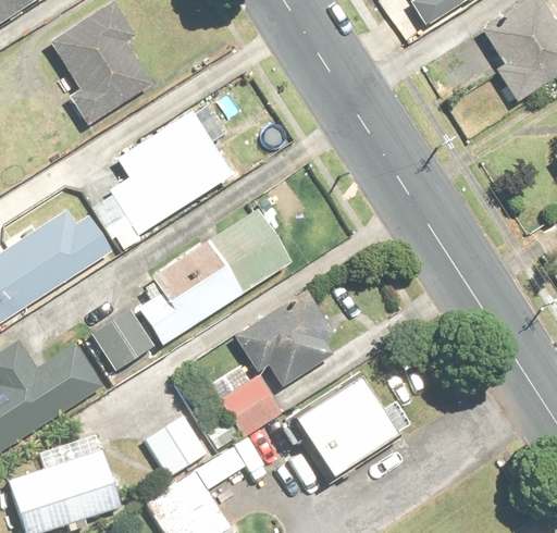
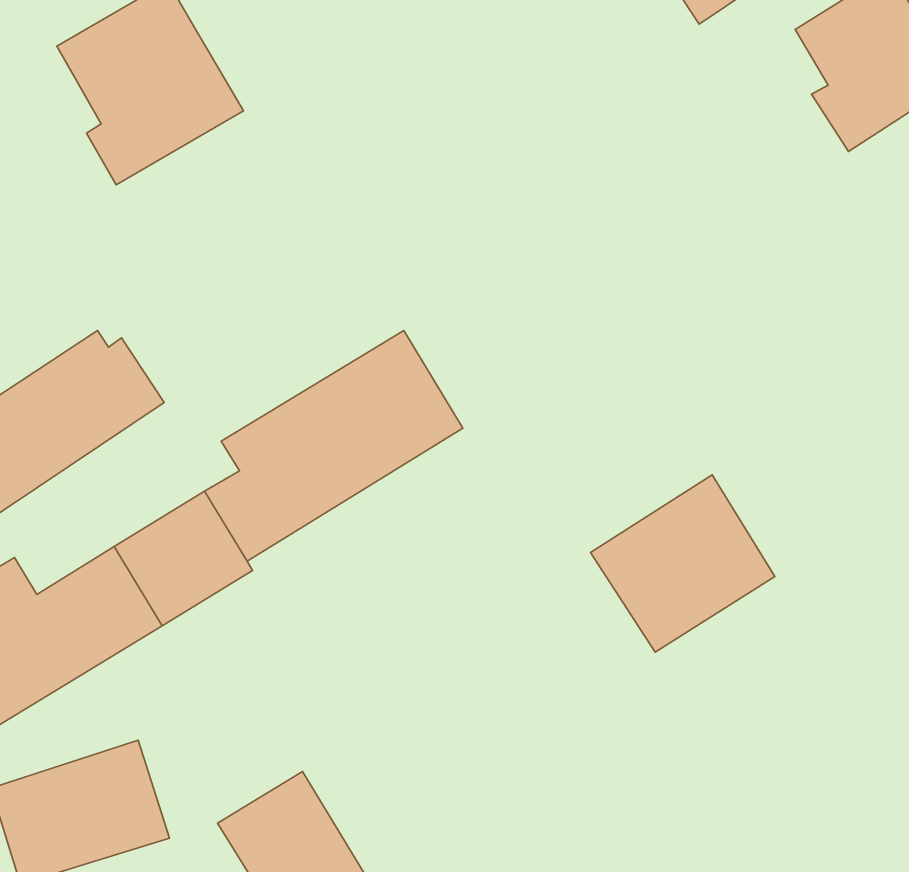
building: [89,111,233,248] -> none
building: [201,287,334,471] -> none
building: [292,374,400,479] -> [590,475,775,652]
building: [147,416,206,476] -> none

